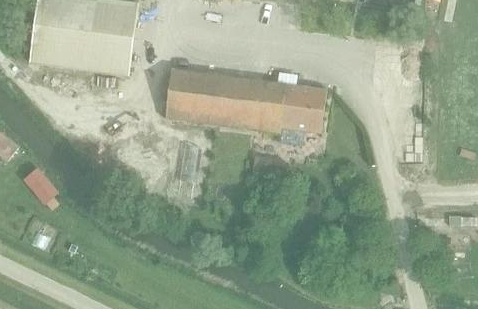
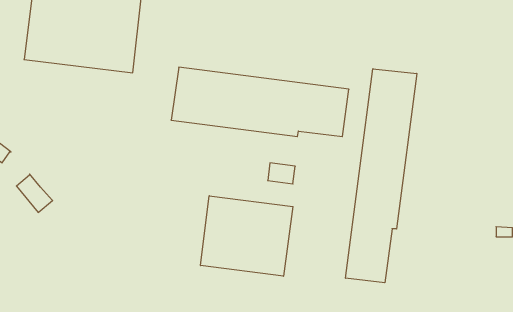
building: none -> [346,69,417,283]
building: none -> [201,196,293,276]

